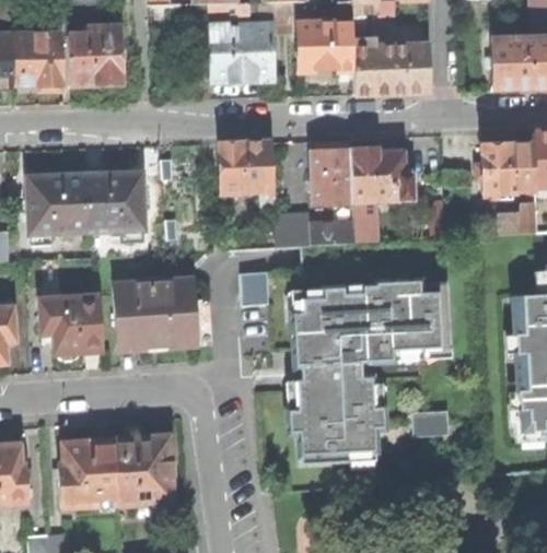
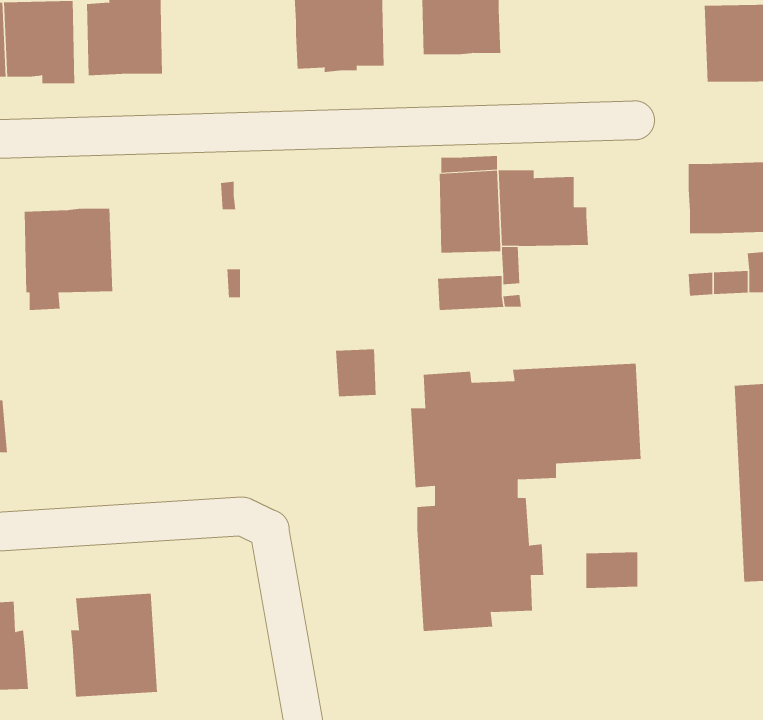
building: [352,37,428,93] -> none
building: [220,140,275,192] -> none
building: [85,172,144,240] -> none
building: [276,215,311,246] -> none
building: [114,279,198,346] -> none
building: [38,294,103,358] -> none
building: [114,433,176,514] -> none

